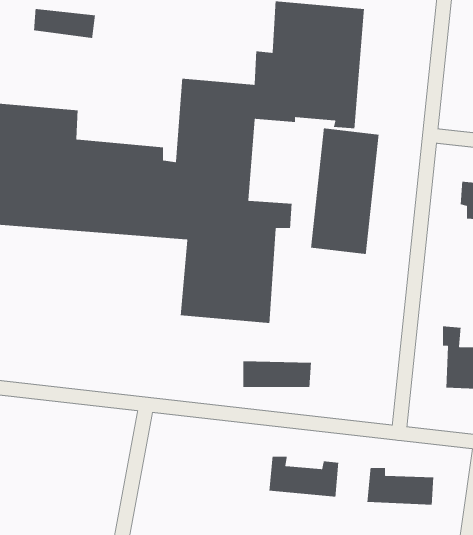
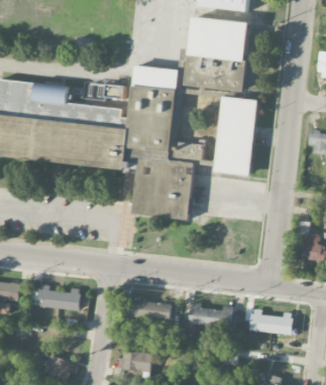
building: [33,8,96,39] -> [87,83,126,102]
building: [243,361,312,388] -> [128,301,172,318]
building: none -> [29,285,81,309]

